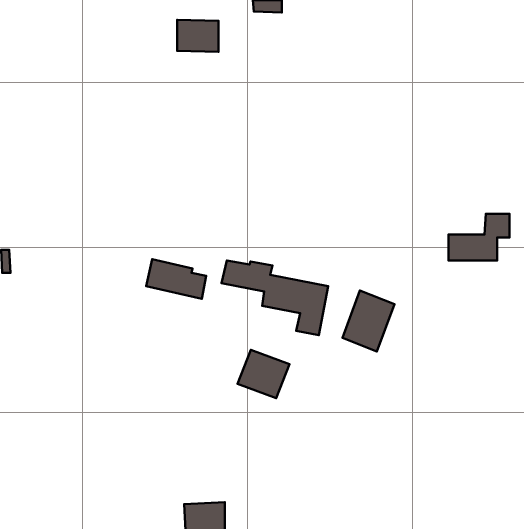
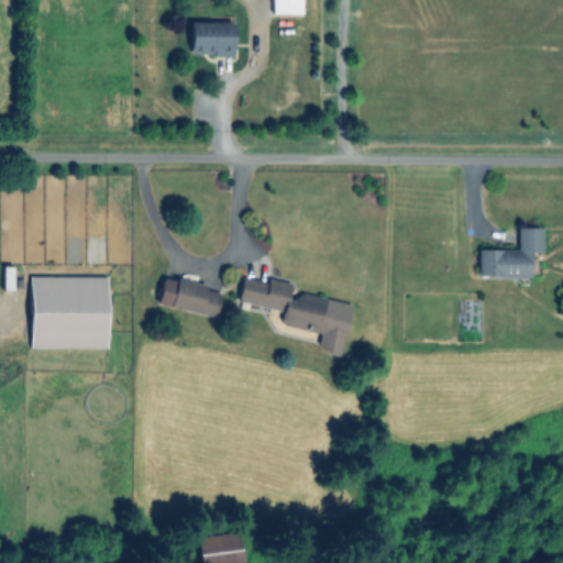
building: none -> [33,276,110,347]
building: [342,290,394,352] -> none
building: [237,350,289,398] -> none

